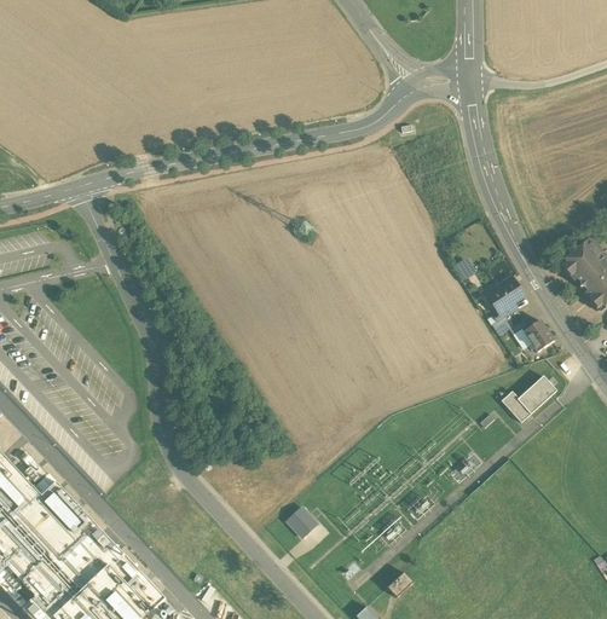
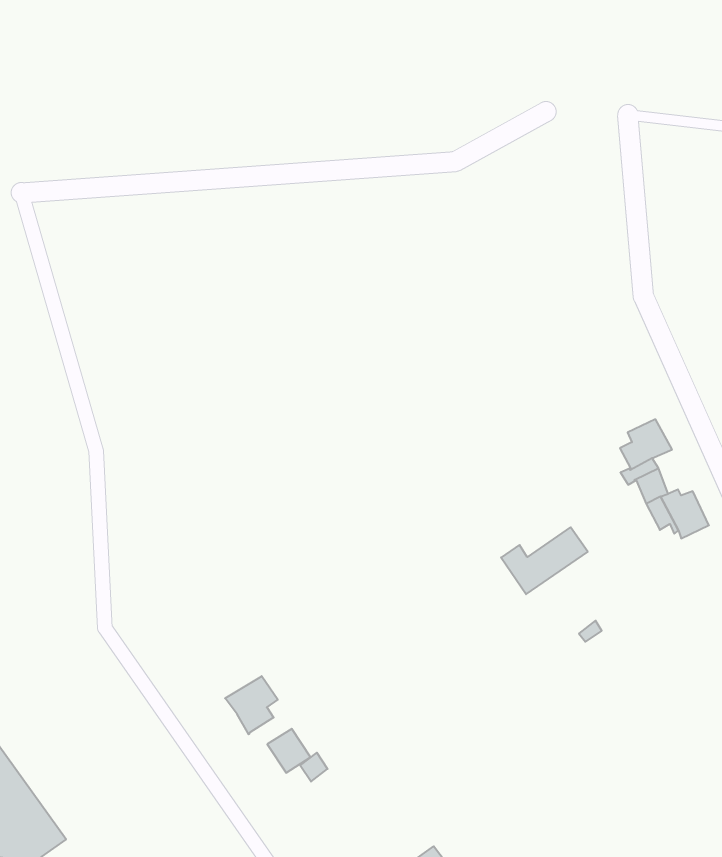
building: [499,375,555,422] -> [501,527,588,594]
building: none -> [225,676,278,734]

